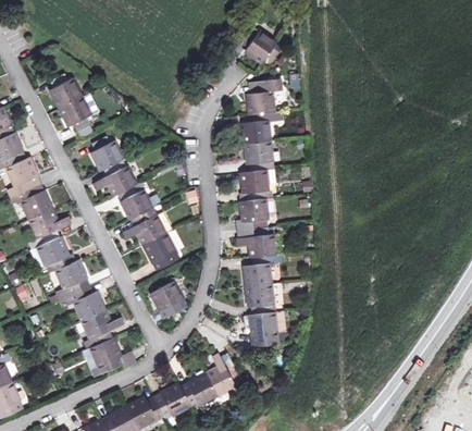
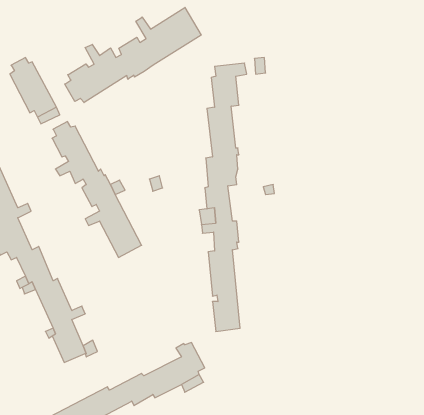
building: none -> [65,7,201,103]
building: [241,26,276,63] -> none
building: [150,281,186,316] -> none

